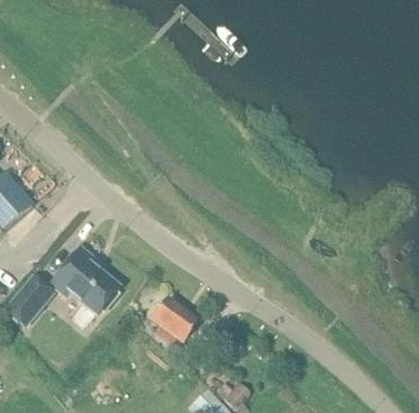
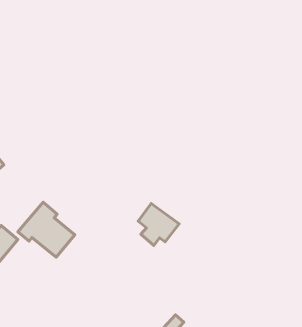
building: [151,296,200,346] -> [138,203,179,245]

